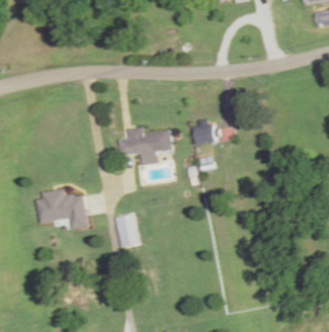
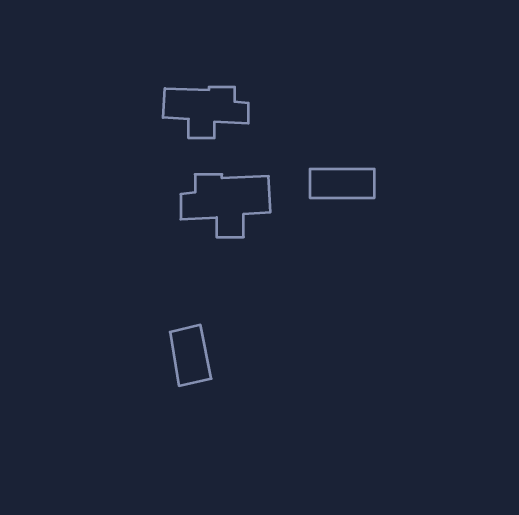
building: none -> [163,87,248,138]
building: [35,189,87,229] -> none

